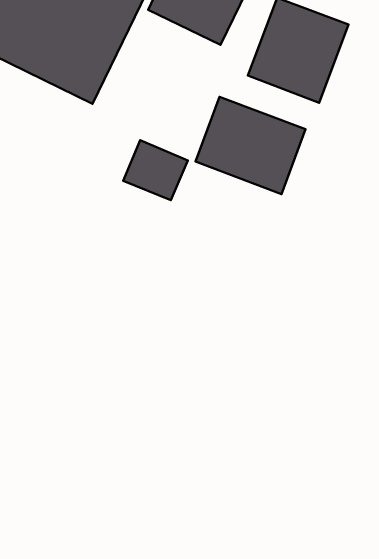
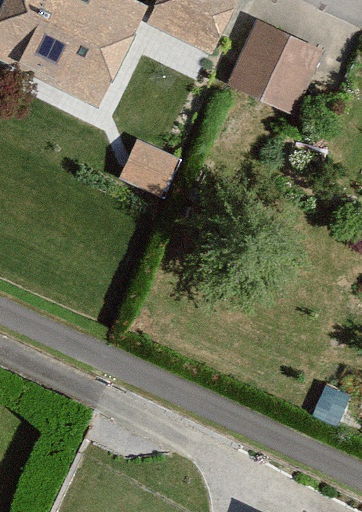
building: [195,97,305,194] -> none

